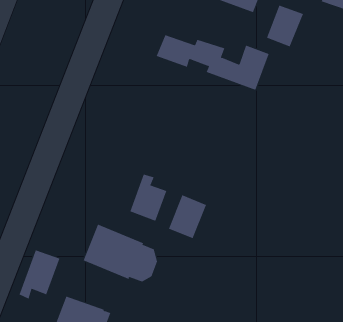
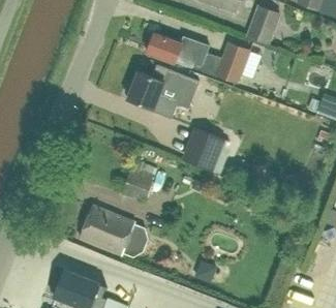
building: none -> [125,64,187,118]
building: [168,194,207,239] -> [188,131,223,172]
building: [19,250,60,300] -> none

